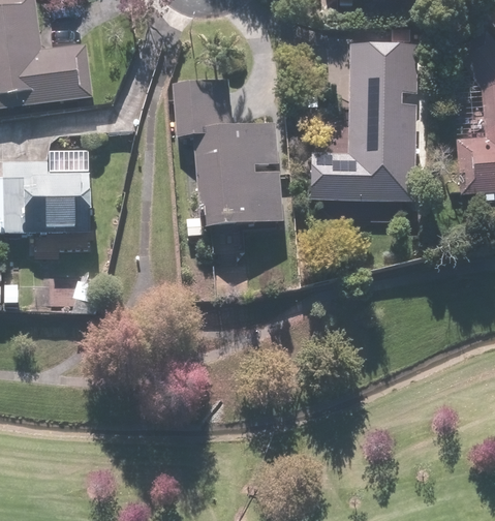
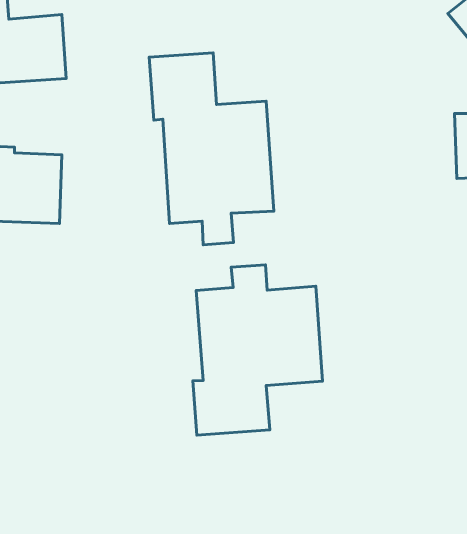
building: [308,41,417,217] -> none
building: none -> [193,265,323,435]

